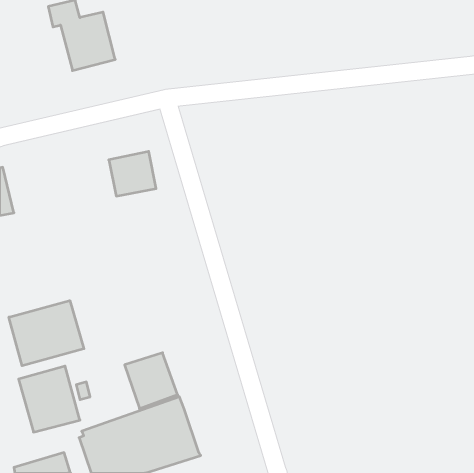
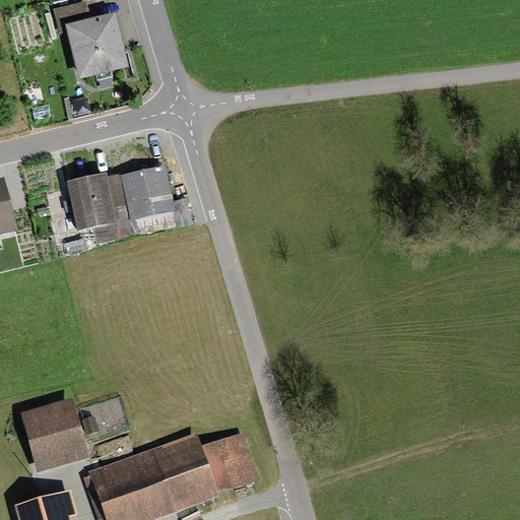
building: none -> [67,174,114,228]
building: [9,301,84,366] -> none
building: [125,353,178,409] -> [201,434,259,495]

